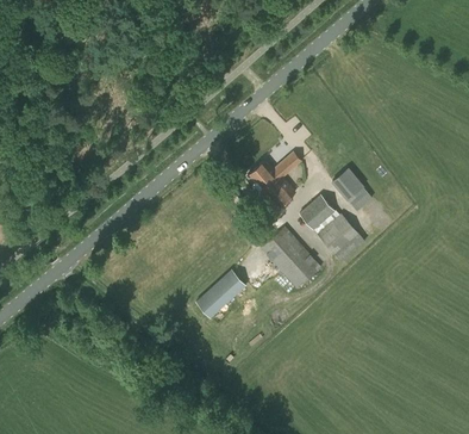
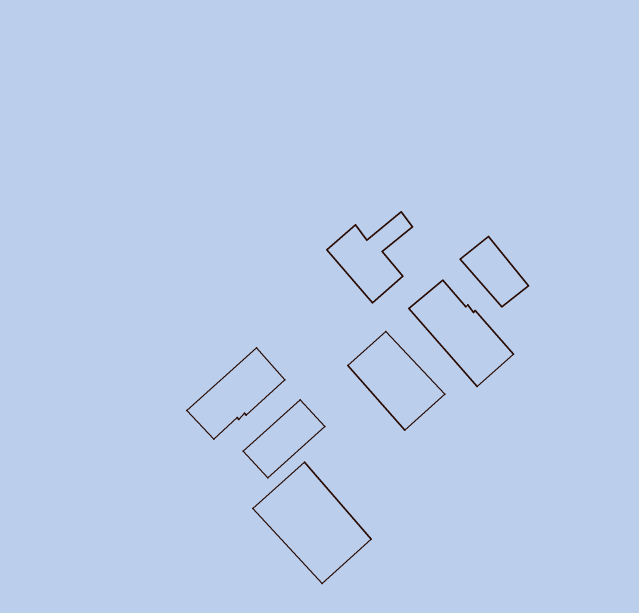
building: none -> [187,348,285,439]
building: none -> [253,462,371,583]

